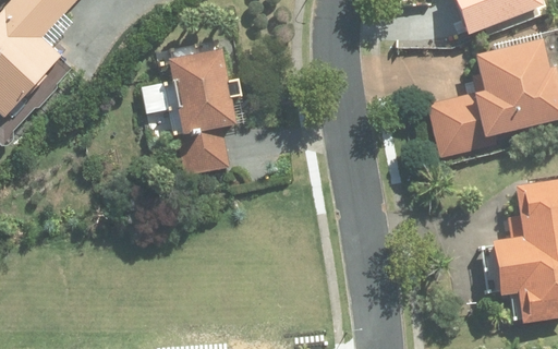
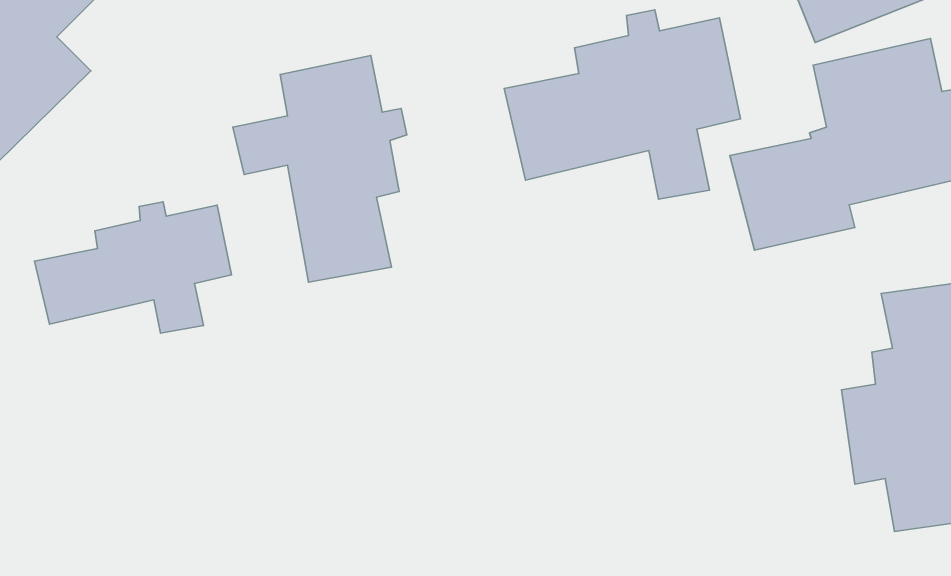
building: none -> [504,10,741,199]
building: none -> [35,202,232,333]

